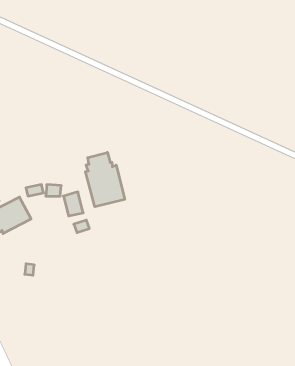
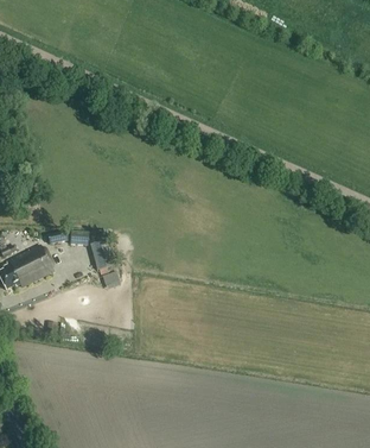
building: [85,152,125,207] -> none

